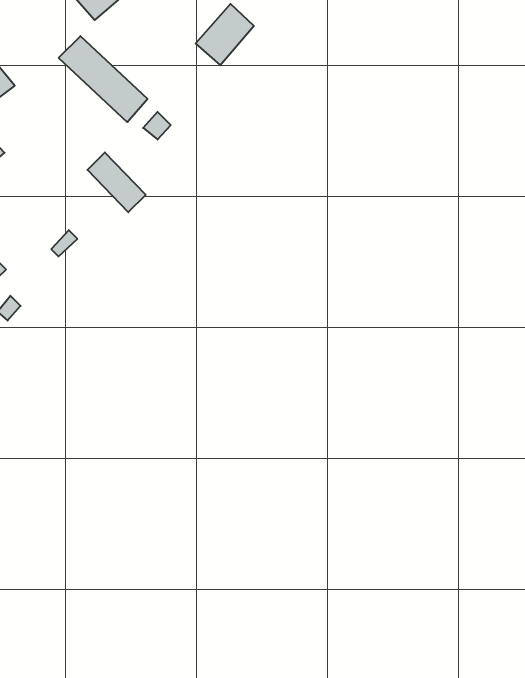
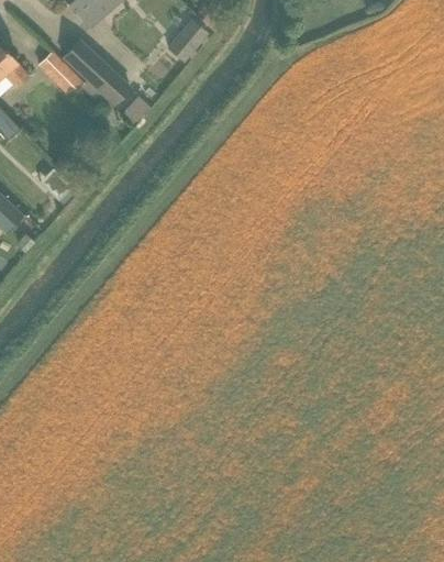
building: [87,152,146,212] -> [38,52,82,97]

